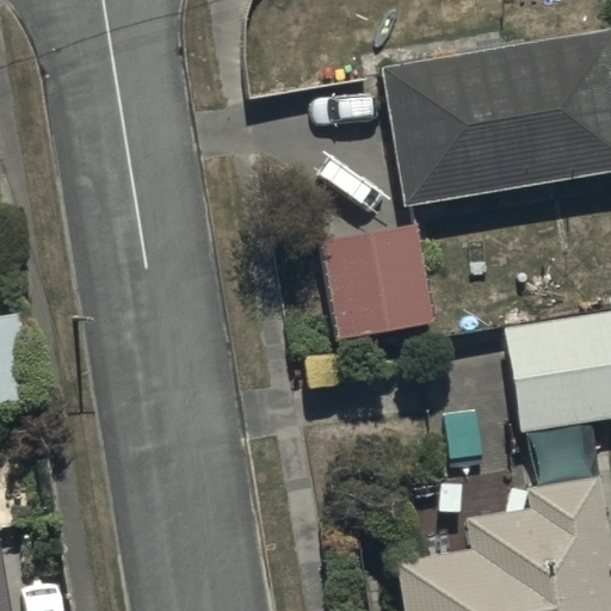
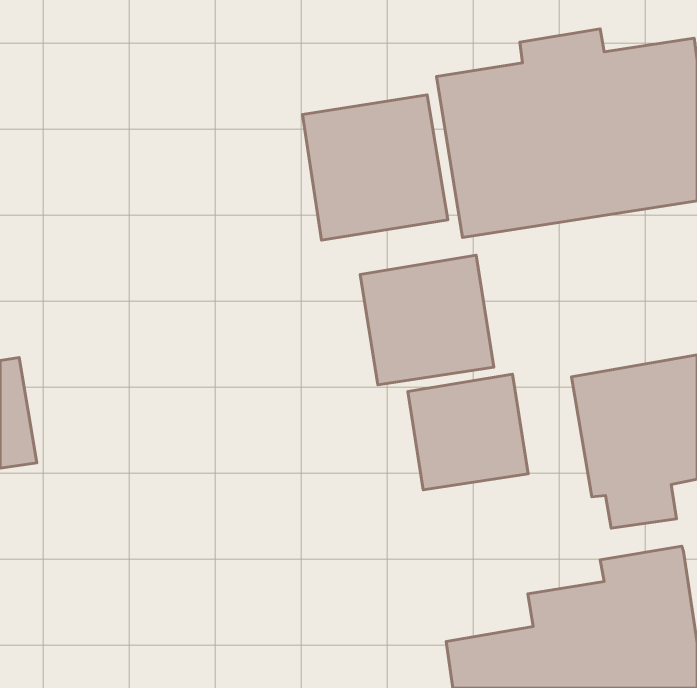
building: none -> [302,95,448,240]
building: none -> [408,374,528,490]

